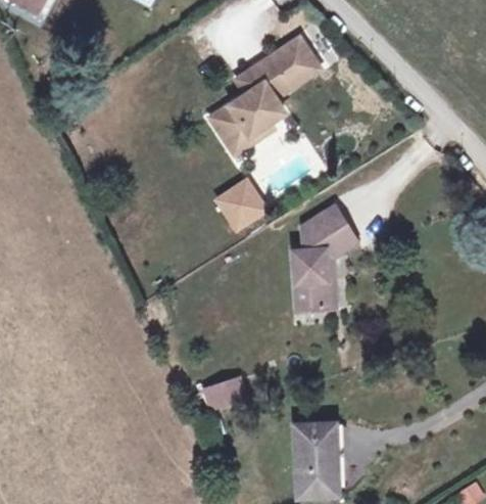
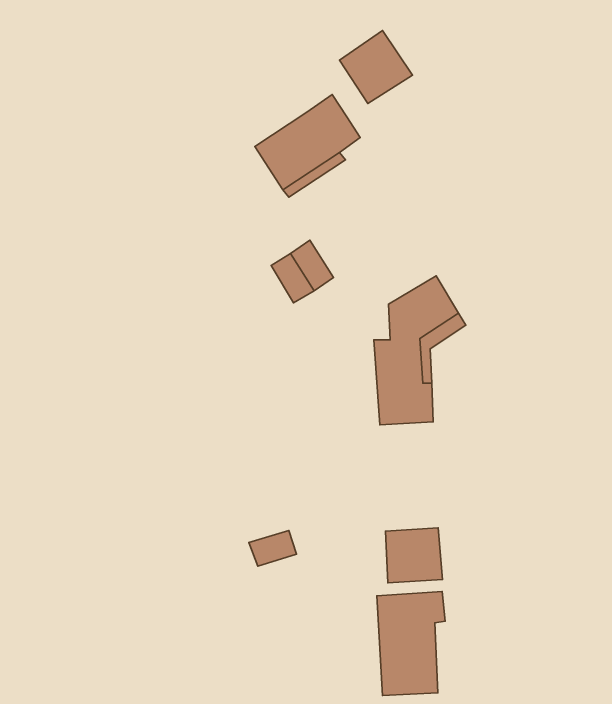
building: [237,59,288,98] -> none
building: none -> [386,528,443,583]

